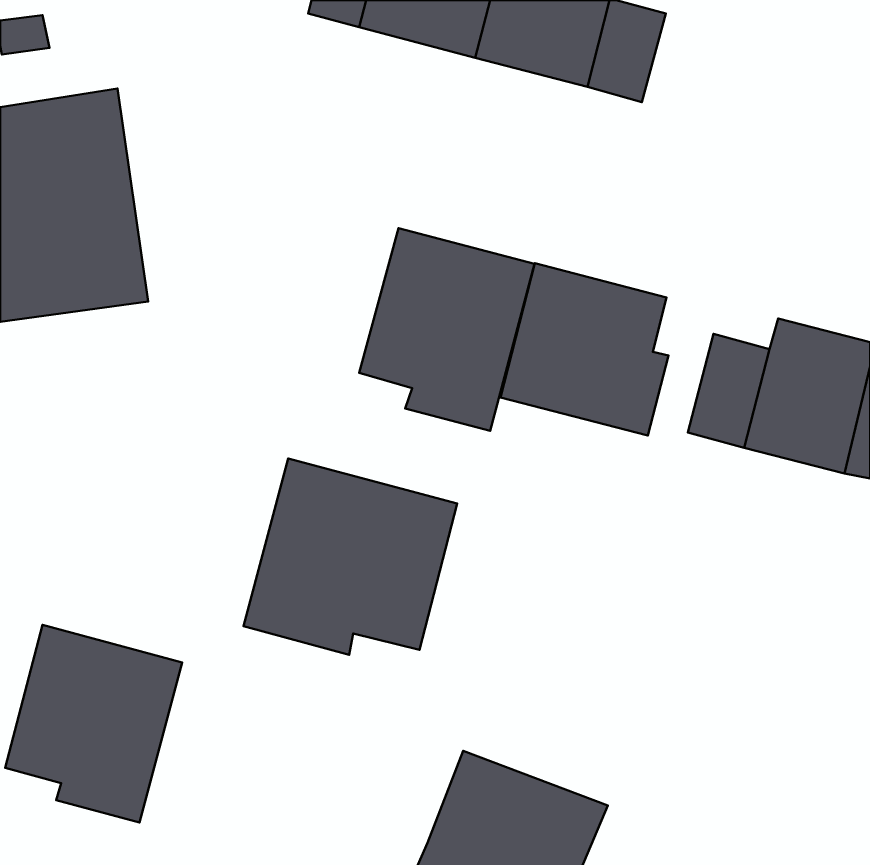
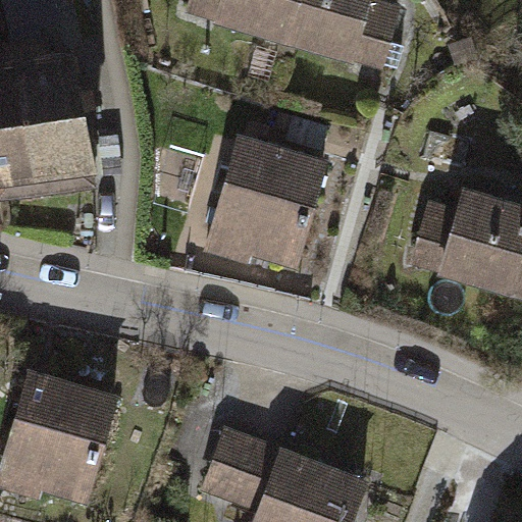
building: [500,263,669,436] -> none
building: [244,458,457,655] -> none
building: none -> [205,432,277,508]

